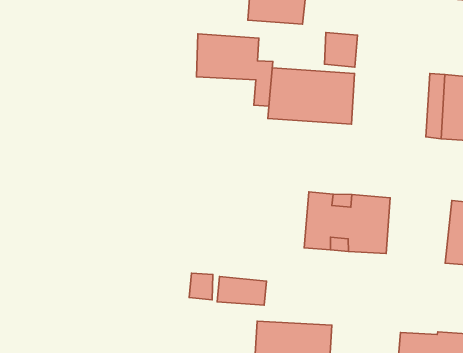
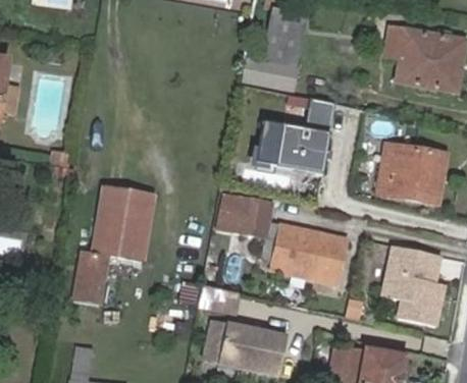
building: [197,34,273,106] -> [217,195,280,260]
building: none -> [72,190,150,309]

